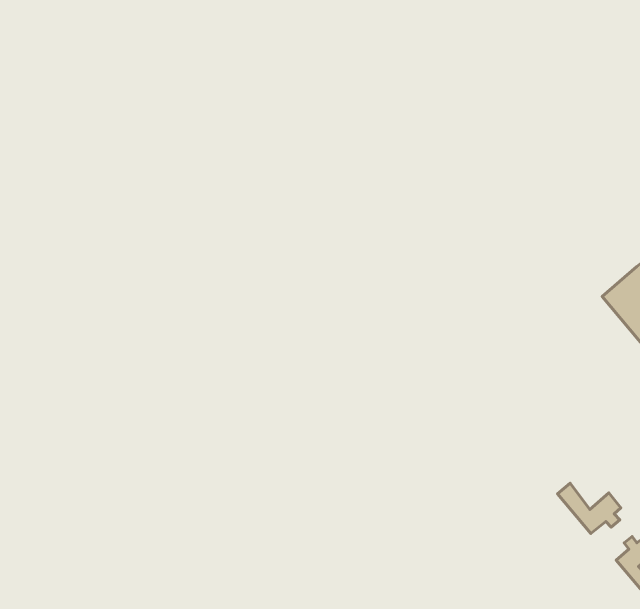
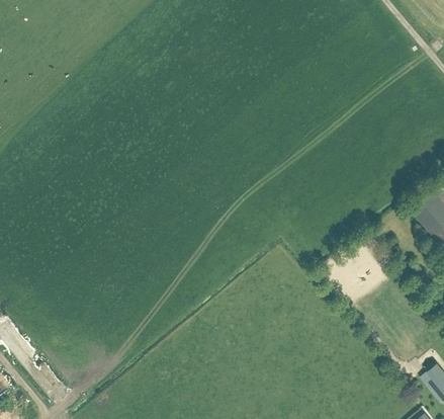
building: [558,483,621,533] -> none

